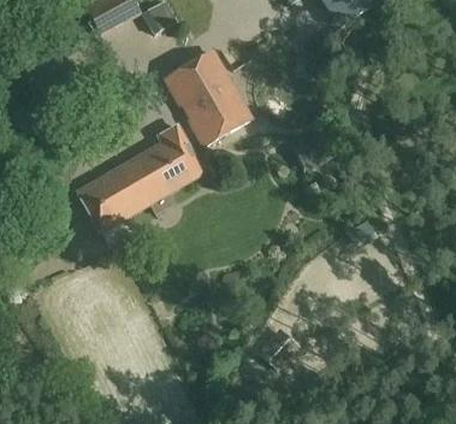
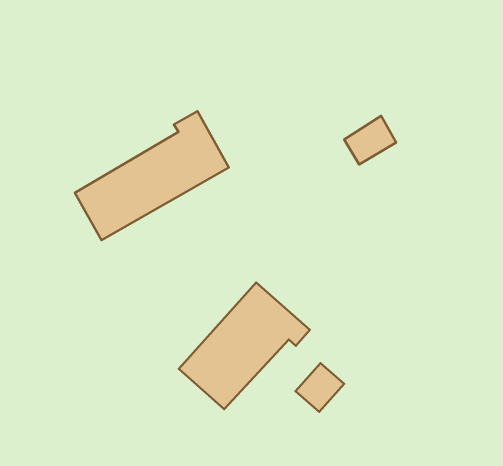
building: [161,48,253,147] -> none
building: none -> [179,282,310,409]

